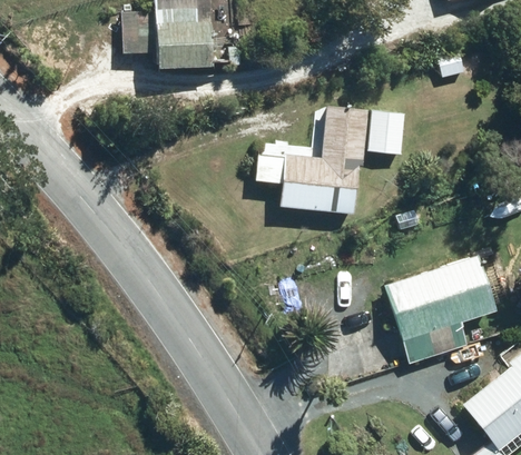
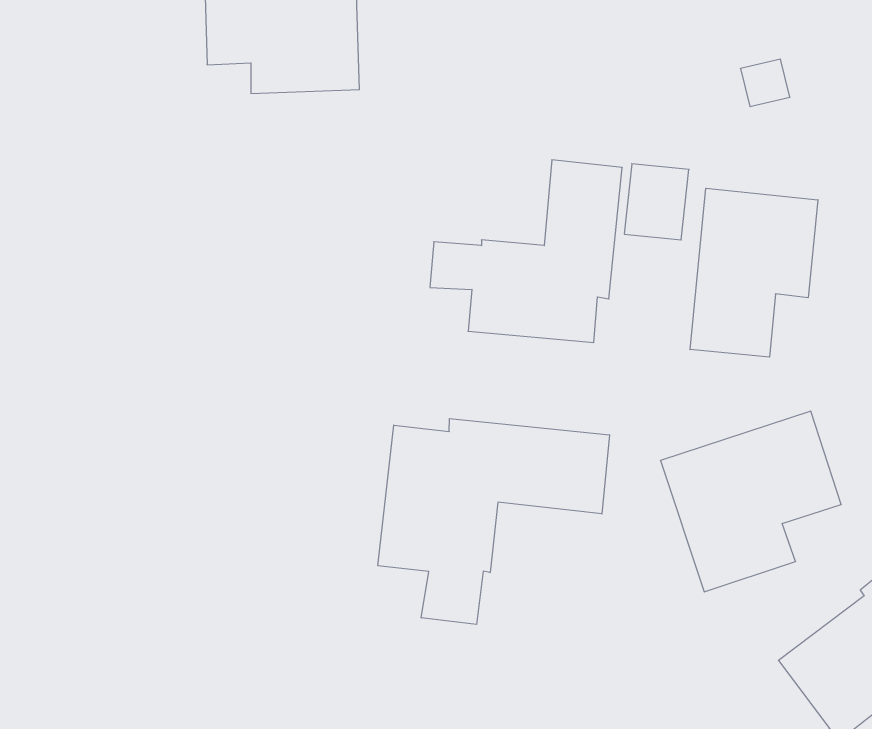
building: none -> [690,188,818,357]
building: none -> [378,419,609,624]

